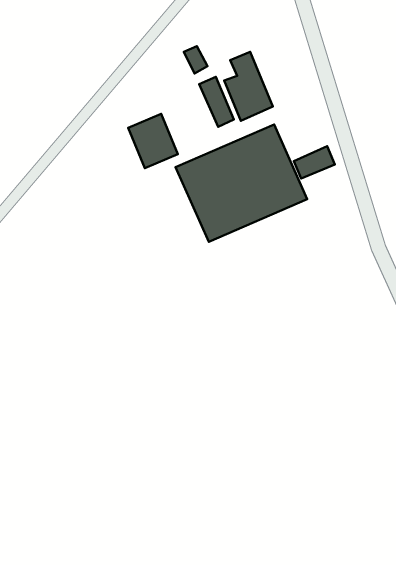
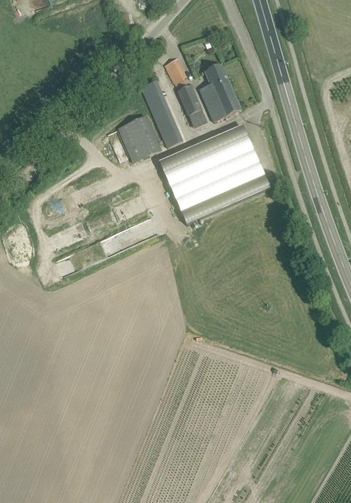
building: none -> [141,82,183,149]
building: [294,146,335,179] -> none

